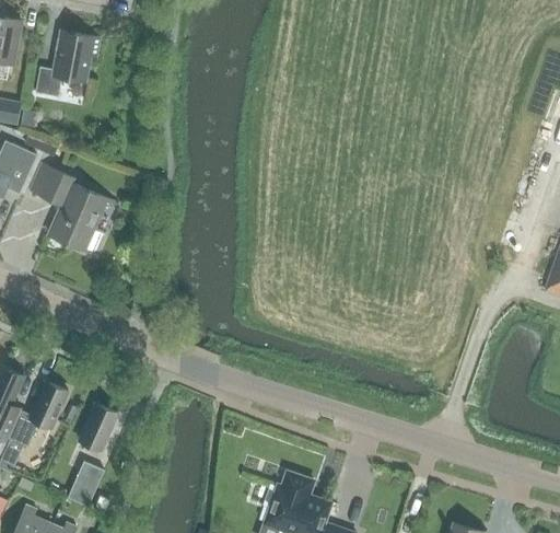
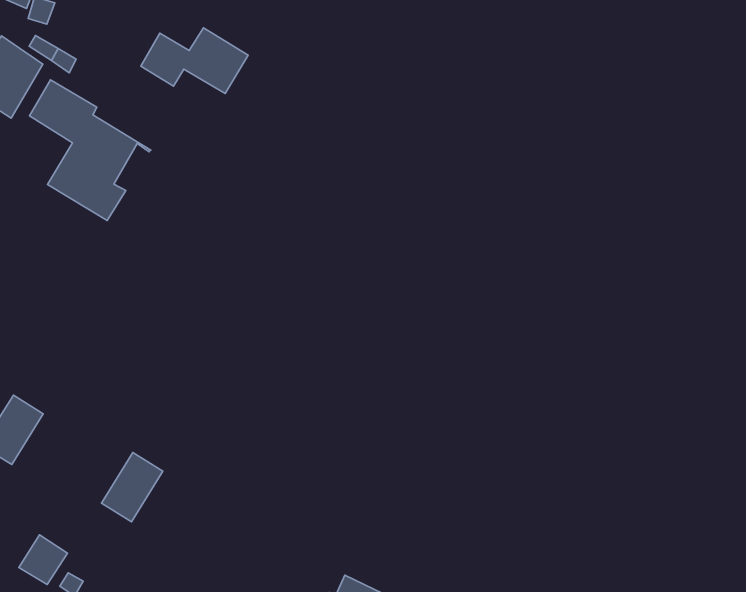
building: none -> [141,28,248,94]
building: [79,403,117,450] -> [102,452,163,522]

